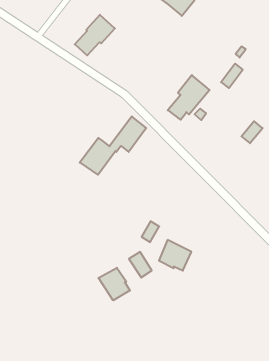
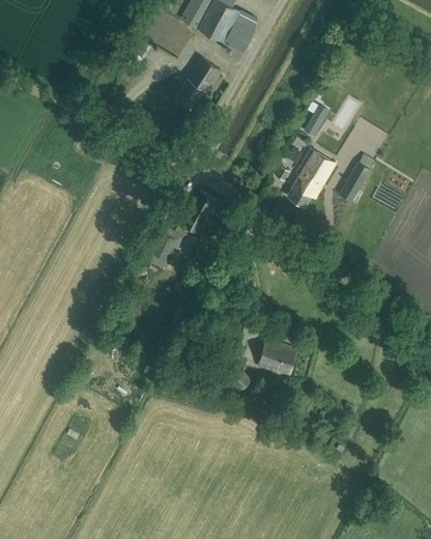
building: [75,15,115,55] -> [174,57,221,111]
building: [168,75,210,120] -> [287,149,336,207]
building: [98,268,130,300] -> none

